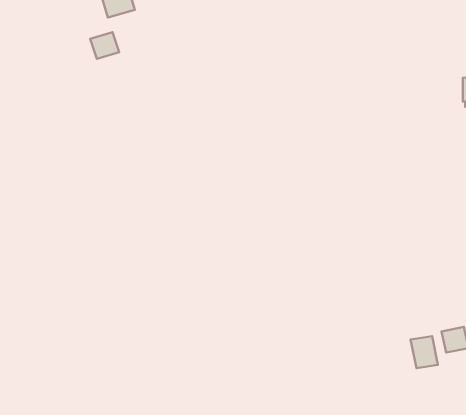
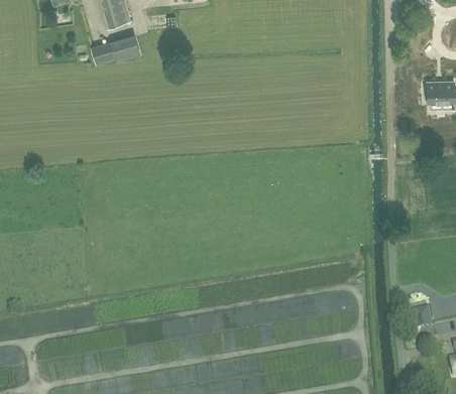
building: none -> [110,34,140,61]
building: [411,336,438,368] -> none

